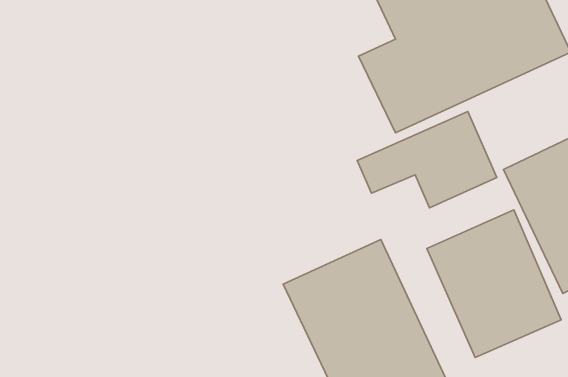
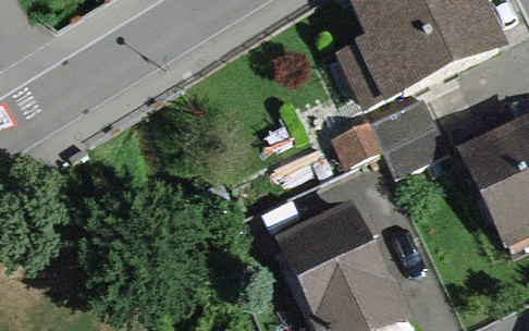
building: [427,210,561,358] -> none

